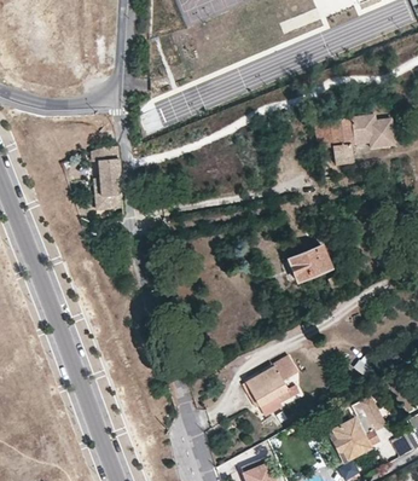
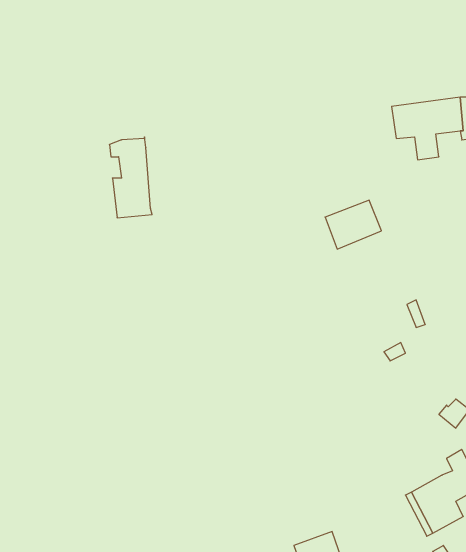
building: [286,244,331,283] -> [325,200,381,249]
building: [245,358,298,416] -> none

